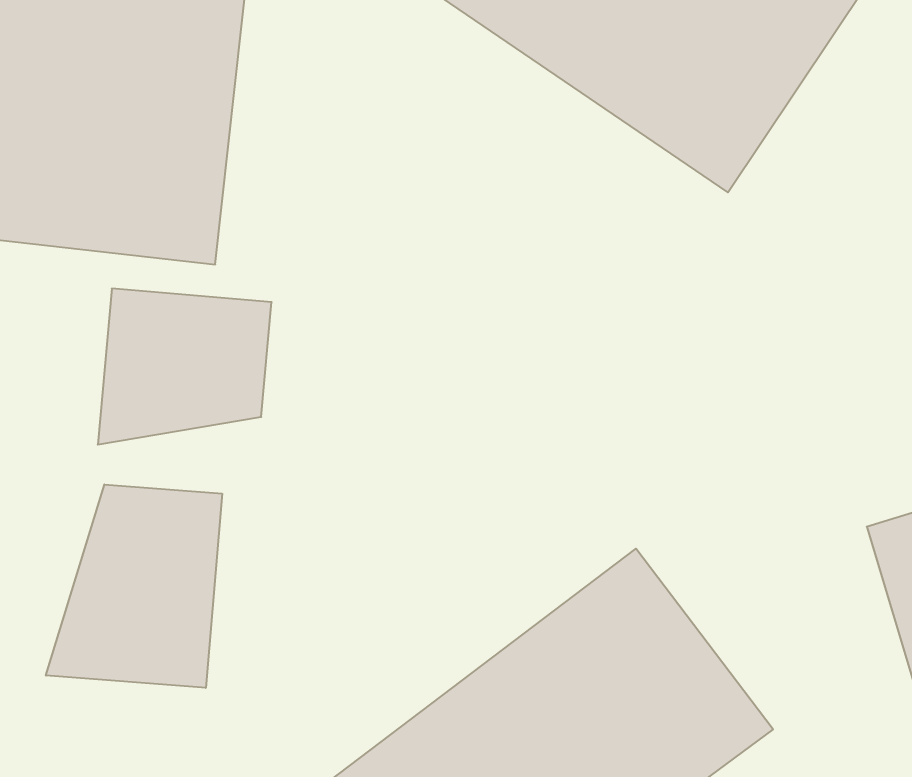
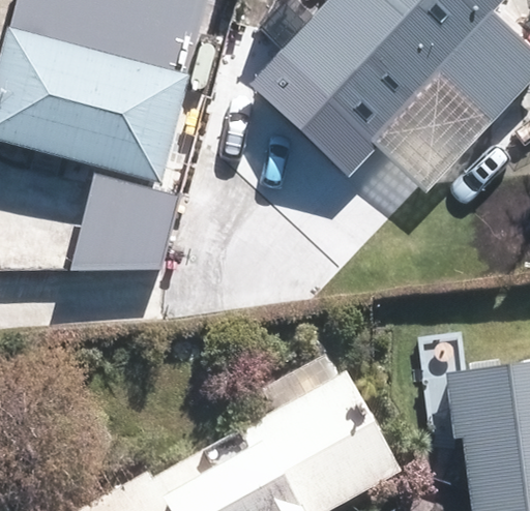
building: [46,484,222,688] -> none

